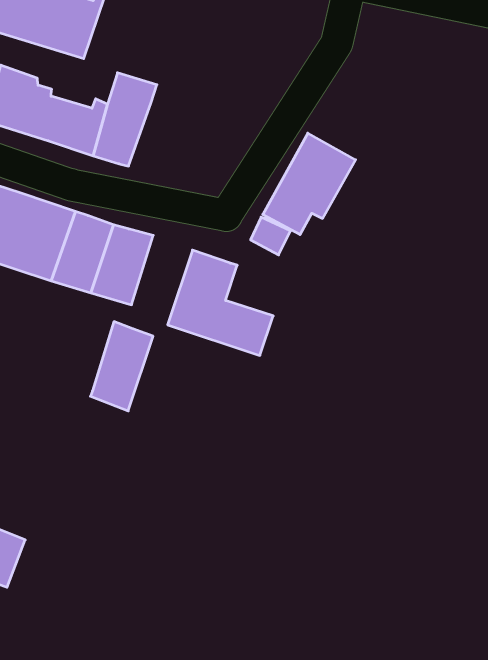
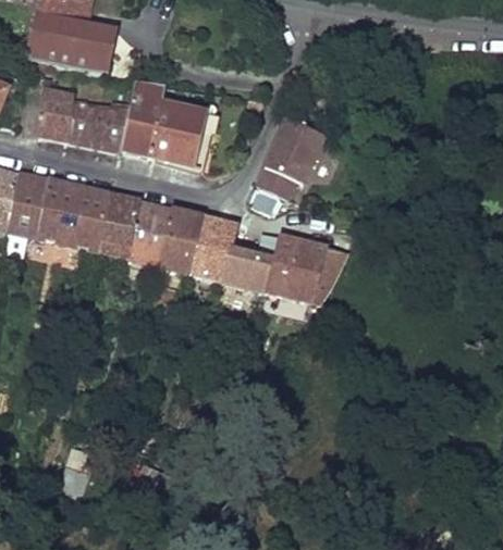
building: none -> [149,103,208,164]
building: none -> [265,236,348,305]
building: [90,322,153,411] -> [160,207,205,275]

